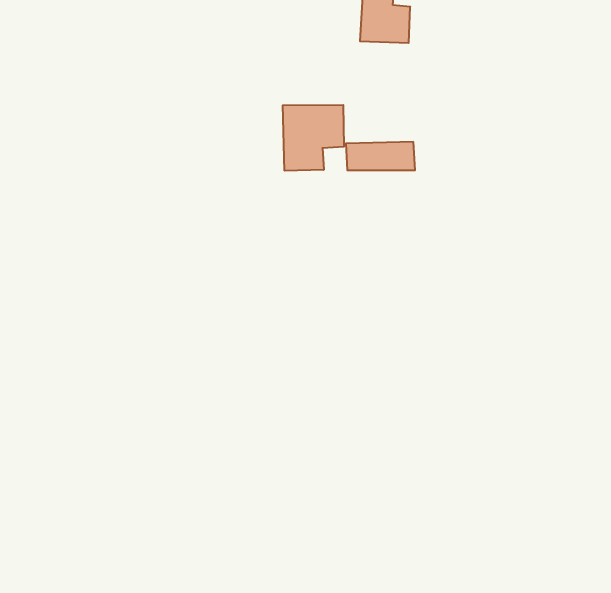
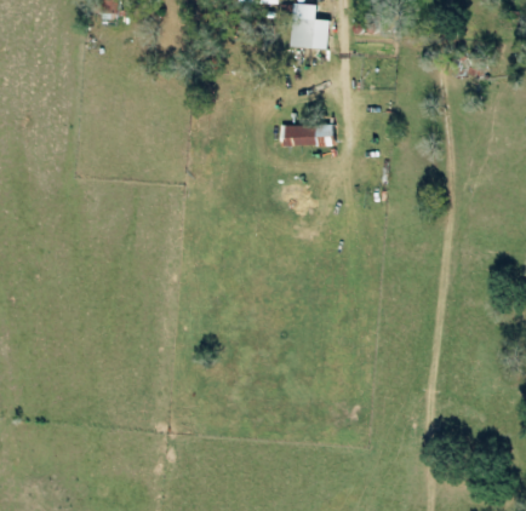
building: [283,105,344,171] -> none

